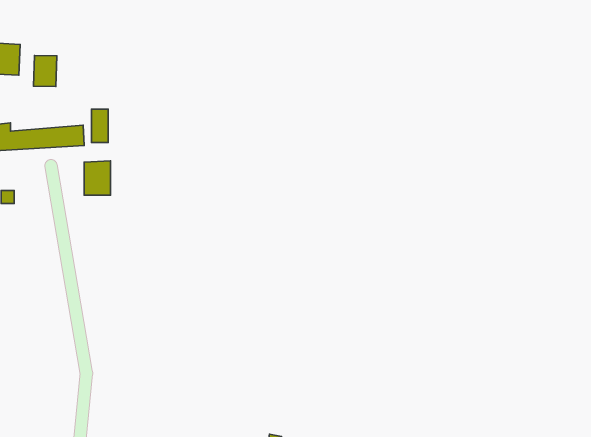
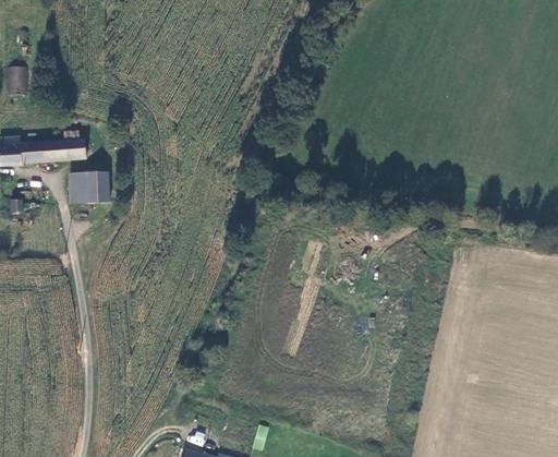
building: [33,55,57,87] -> none
building: [91,109,108,142] -> [71,173,86,204]

